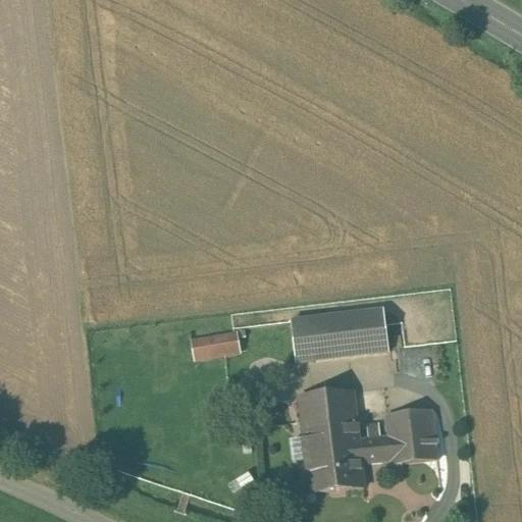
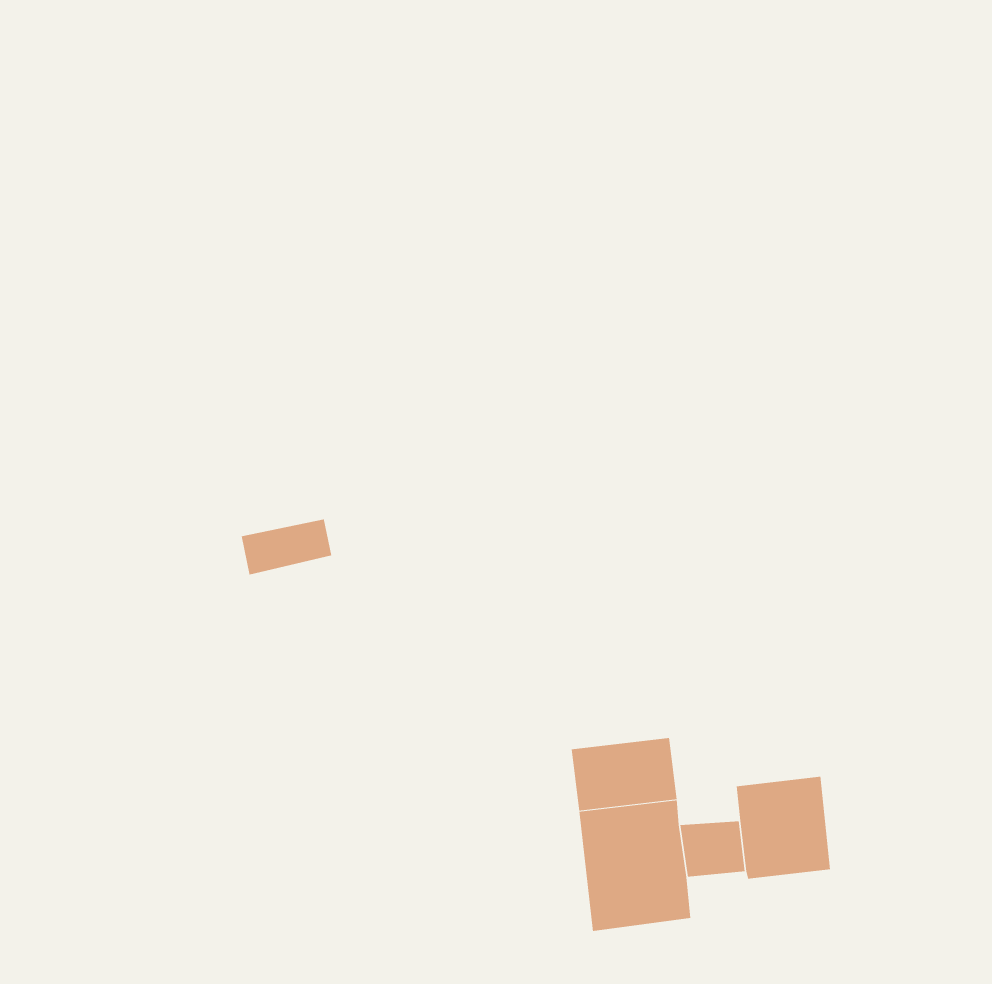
building: [291,309,388,360] -> none
building: [192,328,240,358] -> [241,519,332,575]

